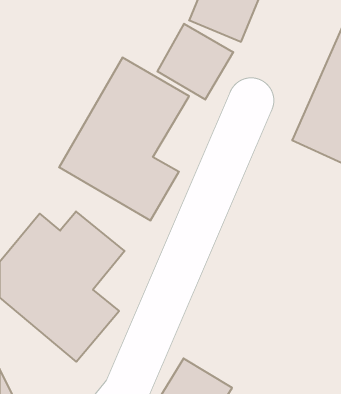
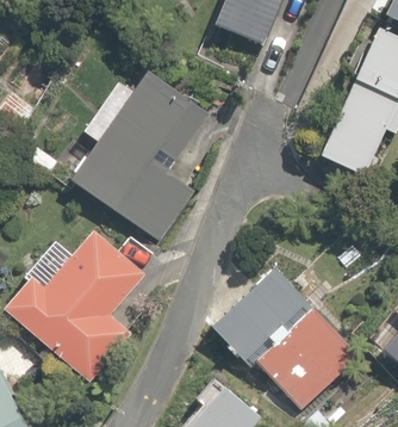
building: [157,24,233,100] -> none
building: none -> [201,260,356,407]

